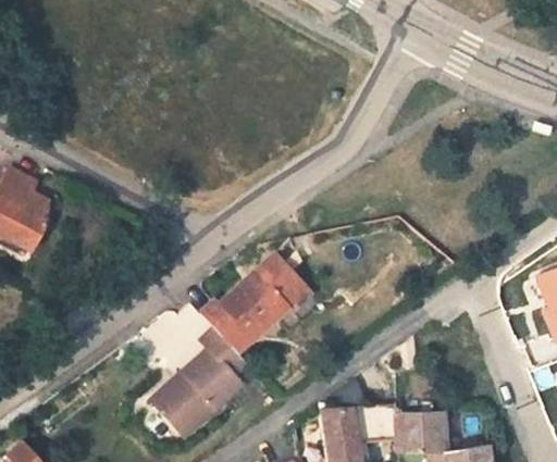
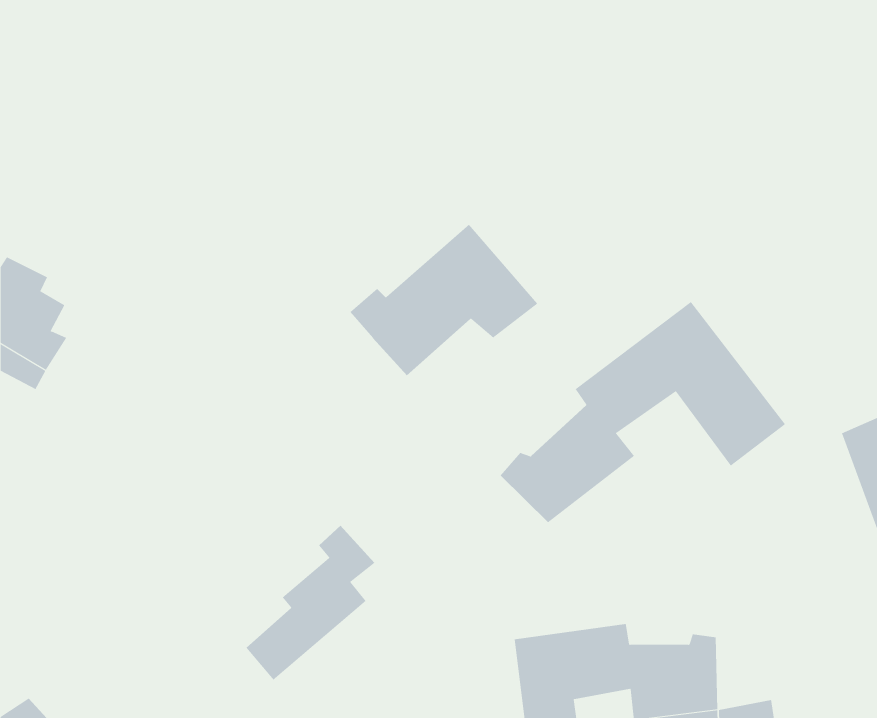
building: none -> [500,301,786,523]
building: [201,261,320,357] -> [350,224,538,376]

